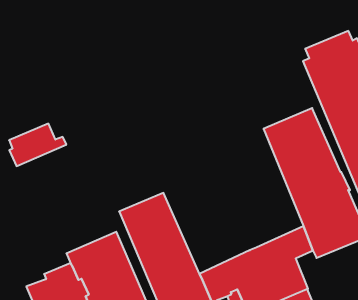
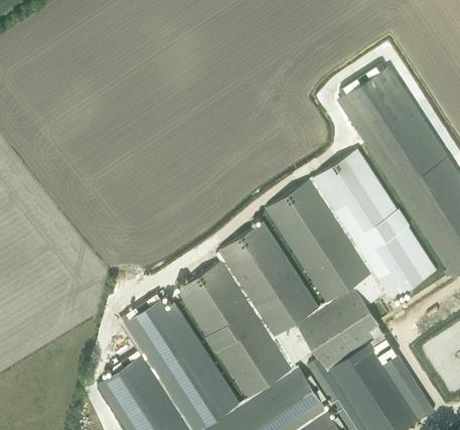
building: [9,124,66,166] -> [121,293,180,342]
building: none -> [266,179,370,302]
building: none -> [215,222,320,339]

